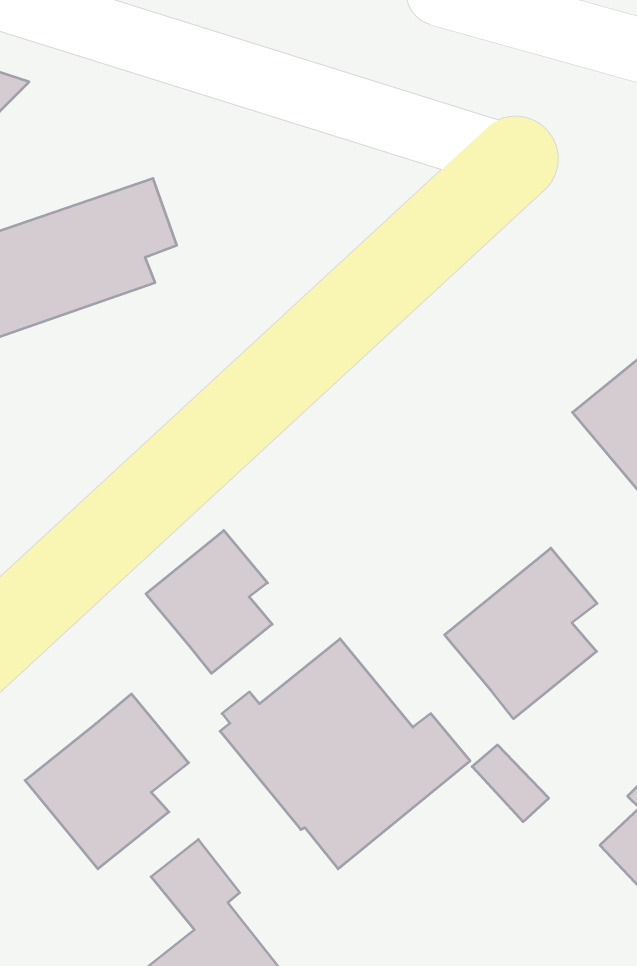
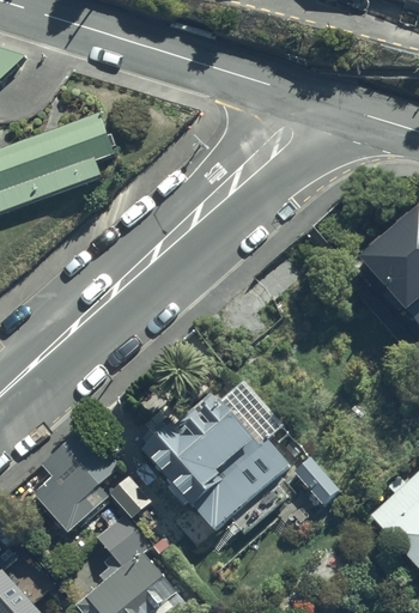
building: [146,530,272,673] -> none
building: [445,548,597,719] -> none

